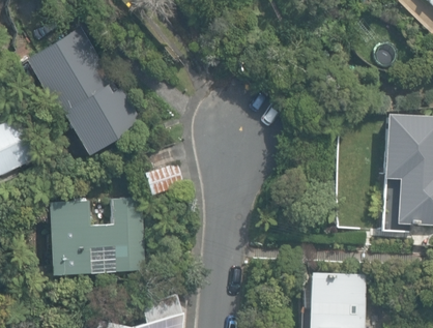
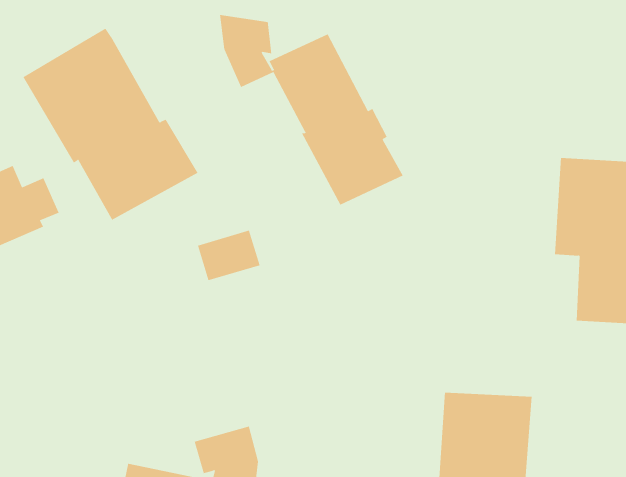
building: none -> [219,14,403,205]
building: [49,198,147,275] -> none

